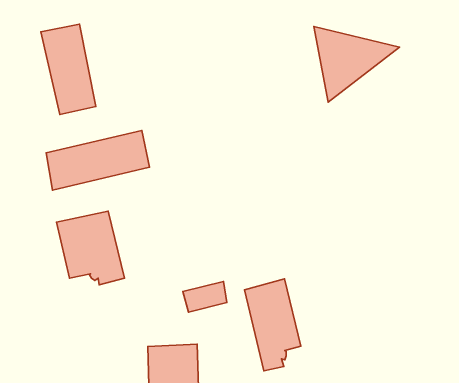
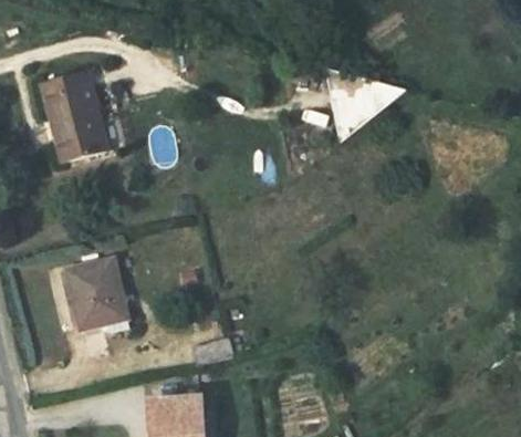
building: [46,130,150,190] -> none
building: [245,279,301,371] -> none

